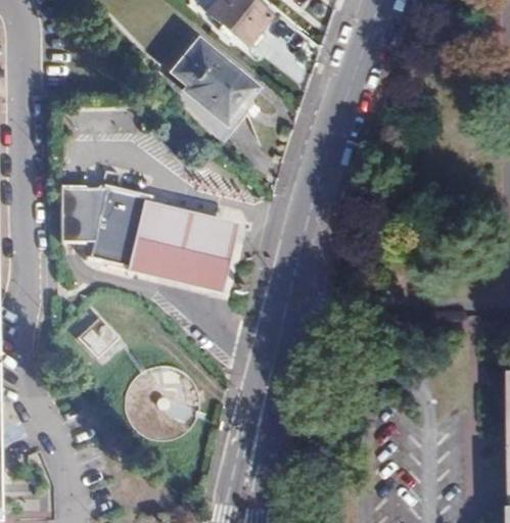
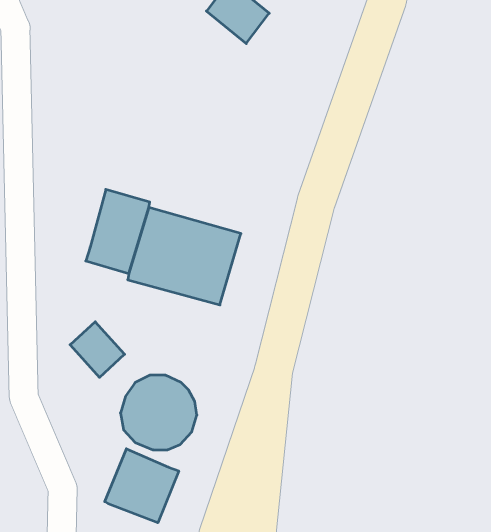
building: [167,35,261,126] -> none
building: [56,184,109,241] -> none
building: none -> [105,449,179,523]

